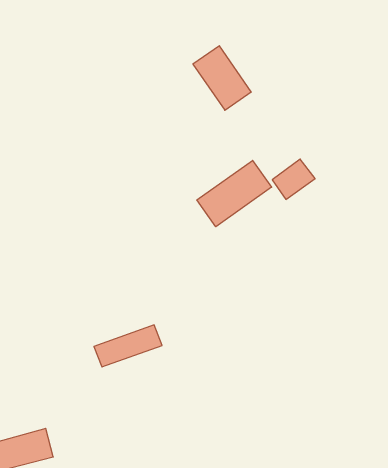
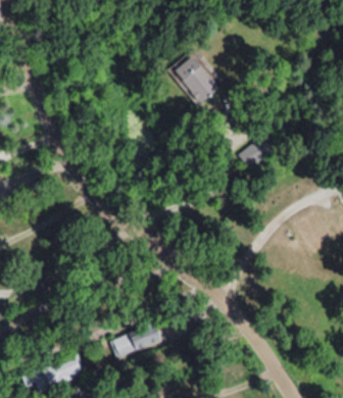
building: [197,160,272,227] -> none
building: [94,325,162,367] -> [110,324,162,358]

